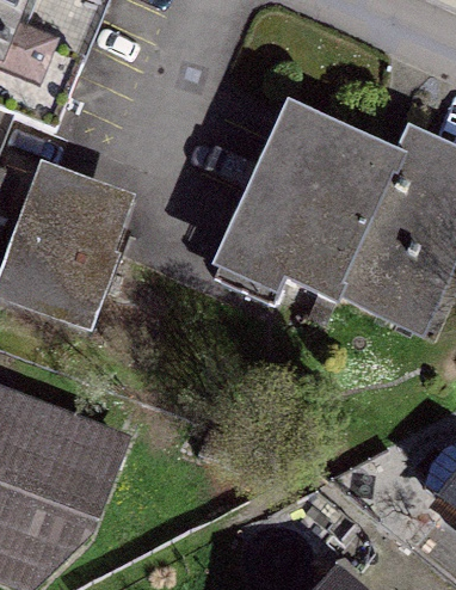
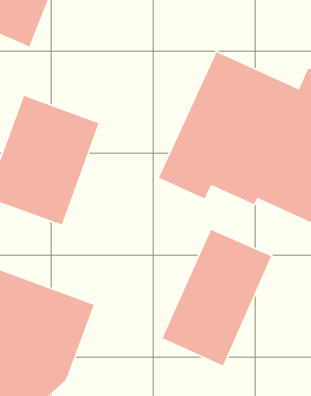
building: none -> [161,229,272,366]

